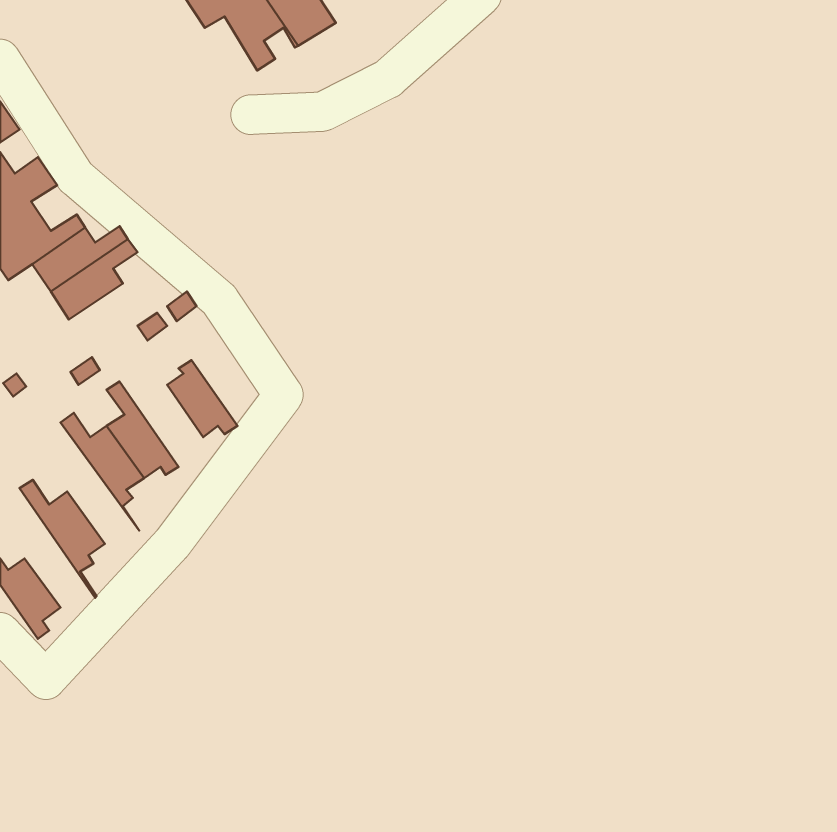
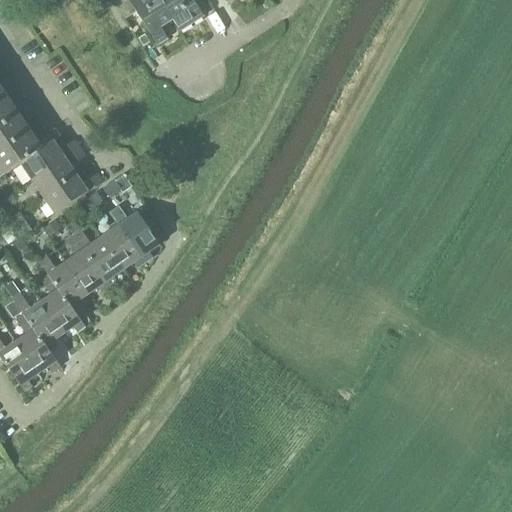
building: none -> [42,172,101,212]
building: none -> [117,210,159,260]
building: none -> [73,228,124,285]
building: none -> [37,258,85,332]
building: none -> [11,298,58,371]

